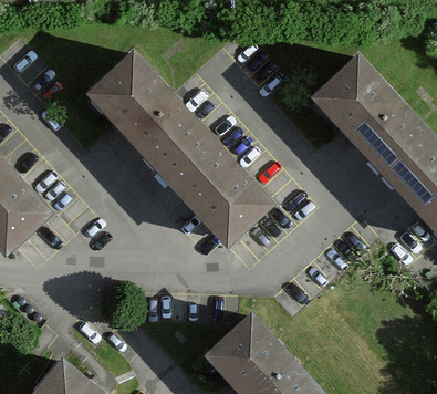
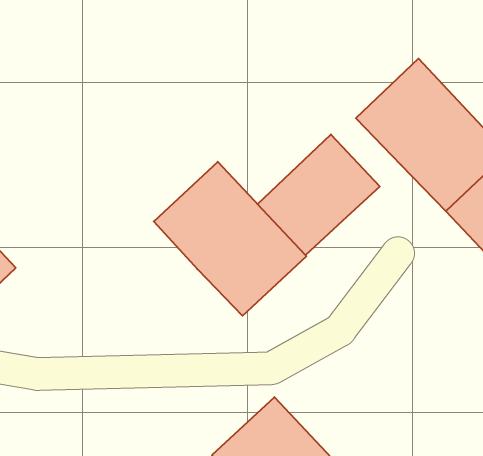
building: [84,51,205,174] -> none
building: none -> [258,134,380,255]

